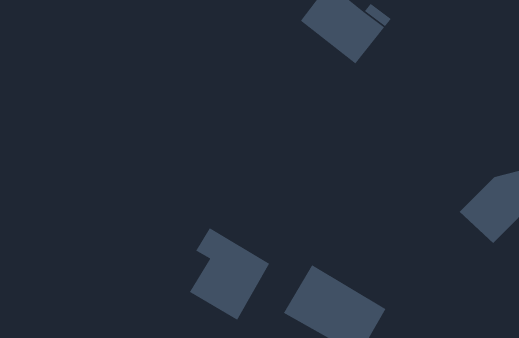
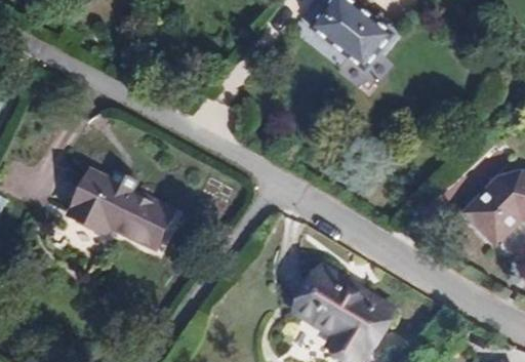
building: none -> [71,171,176,251]
building: [189,227,270,321] -> none

